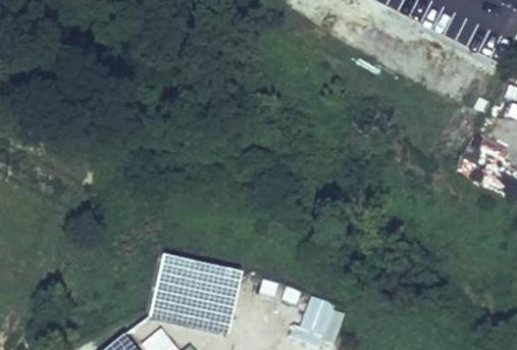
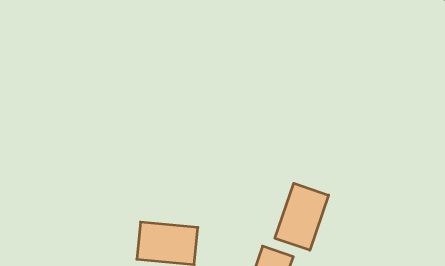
building: none -> [275,183,329,250]

